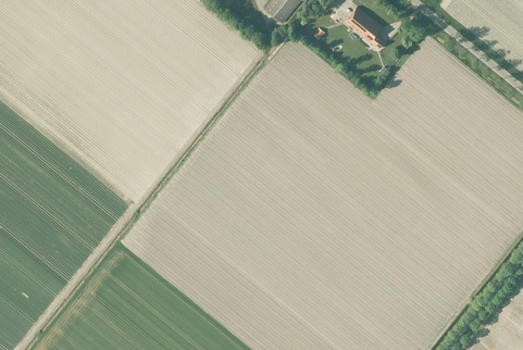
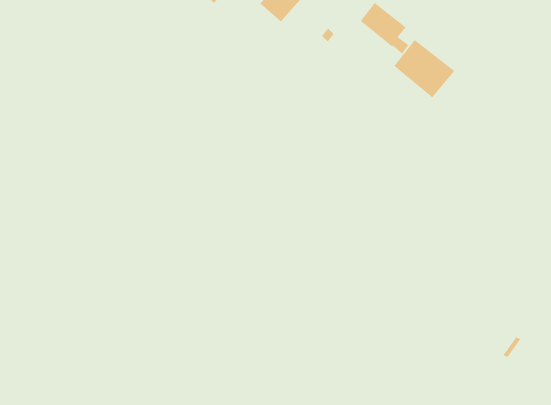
building: none -> [393,39,455,98]

